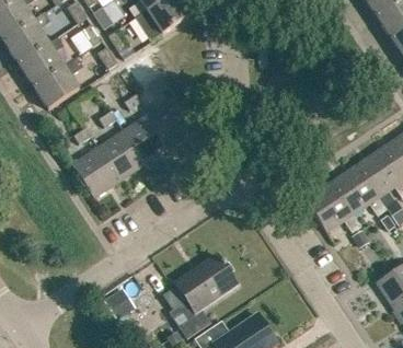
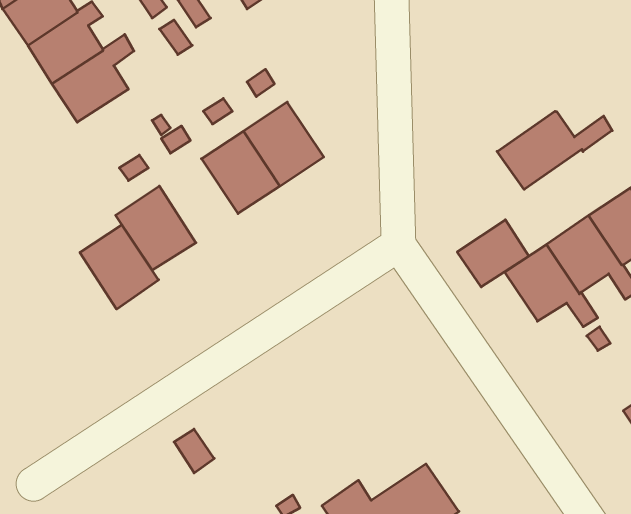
building: none -> [497,111,612,189]
building: [97,130,145,181] -> [80,225,159,309]
building: none -> [457,220,529,287]
building: [170,254,237,337] -> none

